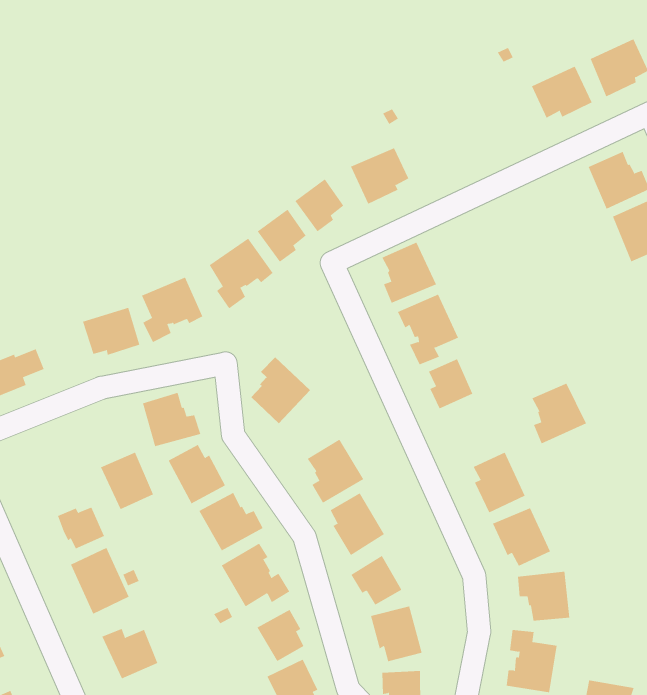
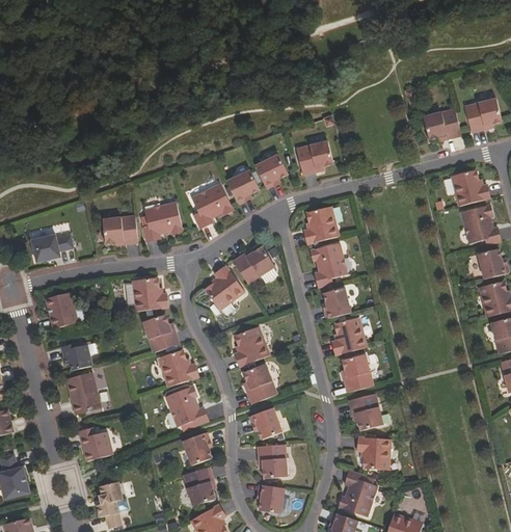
building: none -> [232,246,274,284]
building: [532,383,587,444] -> [331,317,367,354]
building: [100,452,154,510] -> [46,291,78,327]

